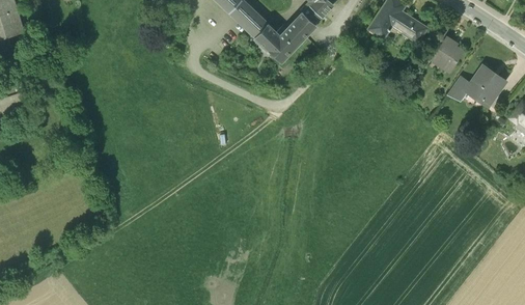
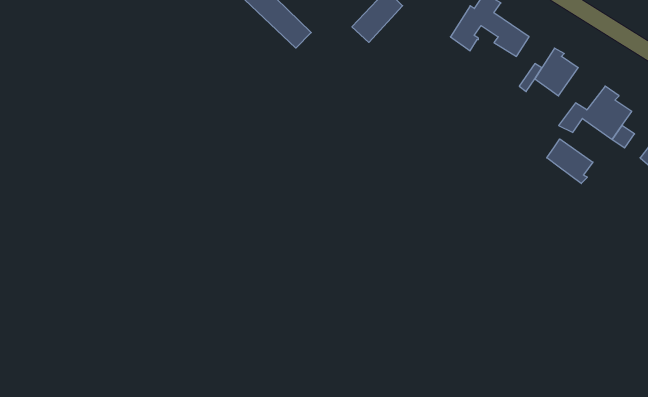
building: [254,21,308,61] -> none
building: none -> [547,139,593,184]

